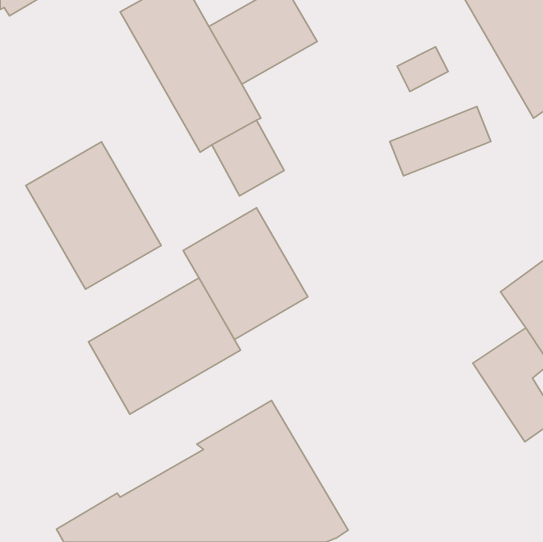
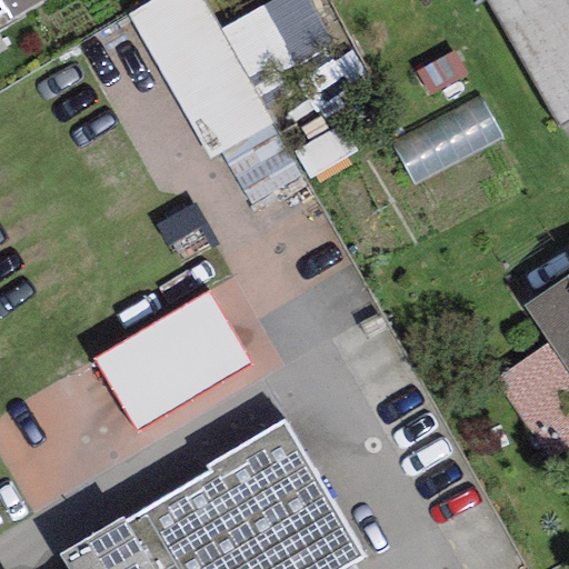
building: [26,142,161,289] -> none
building: [183,208,308,339] -> none

